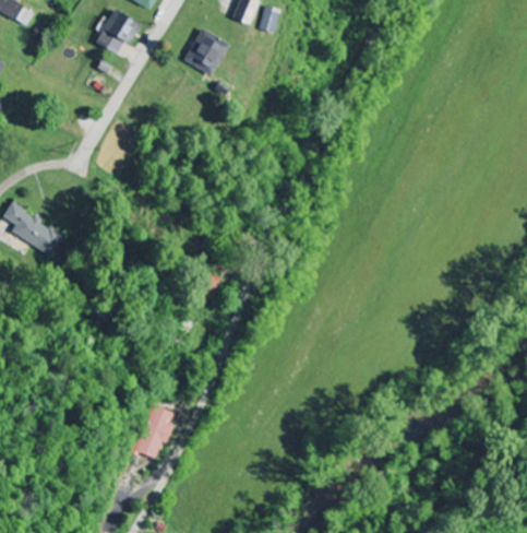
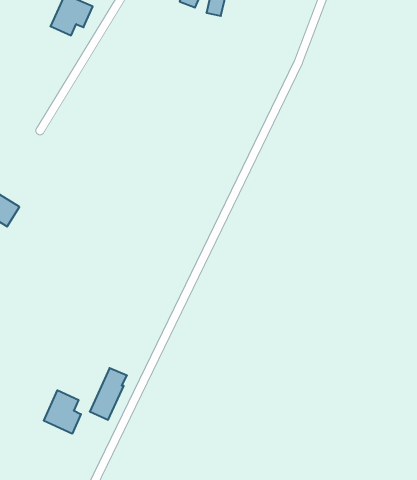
building: [182,27,227,74] -> none
building: none -> [44,390,81,434]

